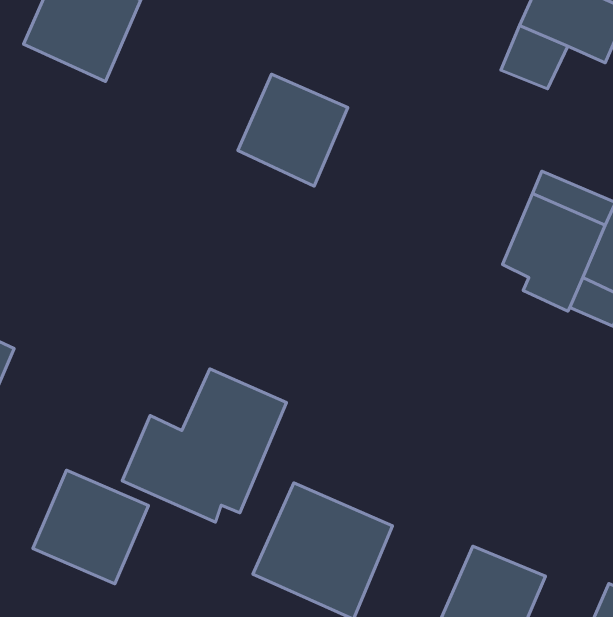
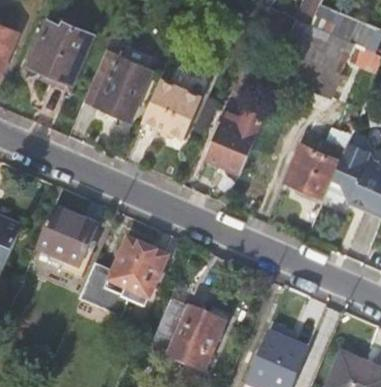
building: none -> [84,49,151,119]
building: none -> [204,106,264,171]
building: [33,470,148,584] -> [36,206,98,267]

